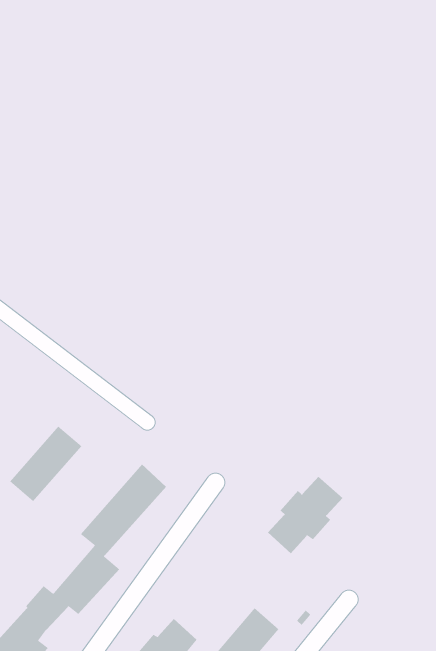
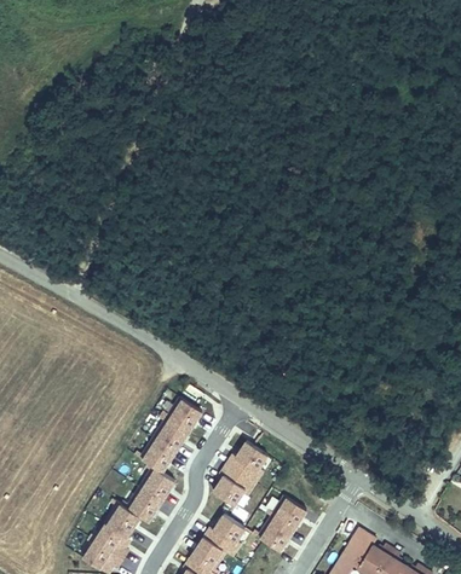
building: [9,426,82,502] -> none
building: [267,476,343,554] -> [215,441,271,505]

